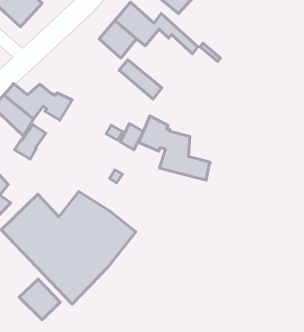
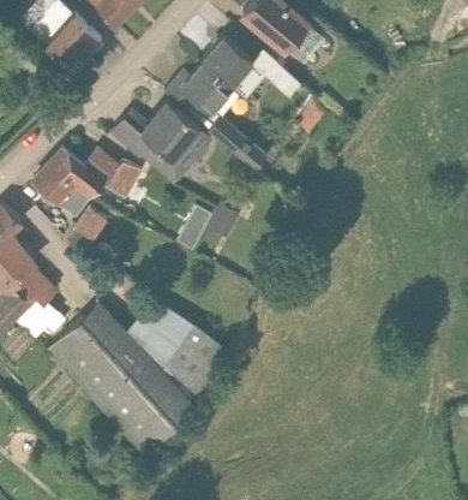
building: none -> [110,101,211,183]
building: [139,116,210,180] -> none
building: [19,279,60,320] -> none

